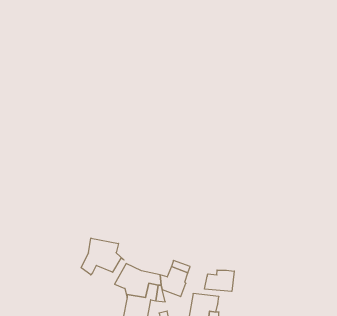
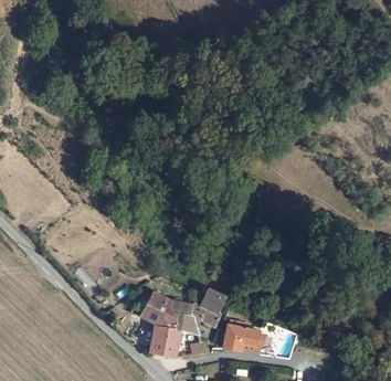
building: [81,238,124,275] -> none
building: [205,270,234,291] -> none

